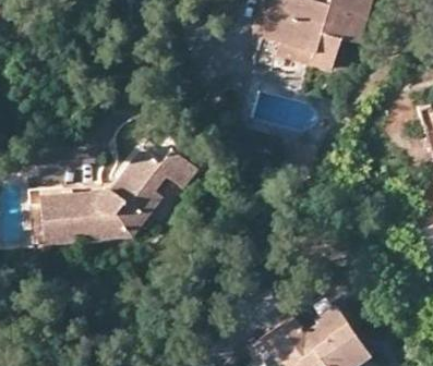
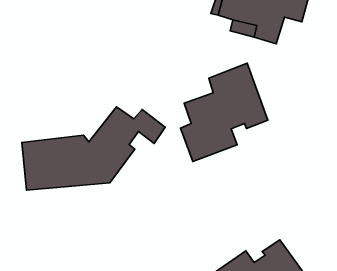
building: none -> [181,63,268,161]

